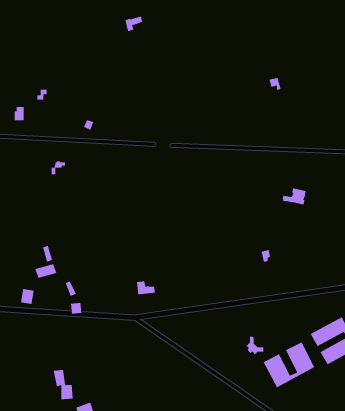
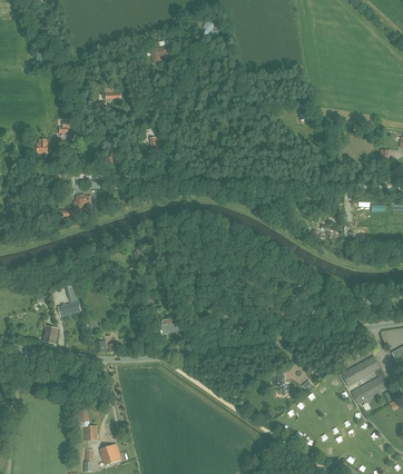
building: [263,341,315,388] -> none

